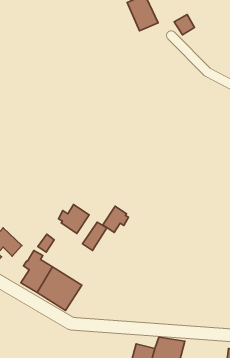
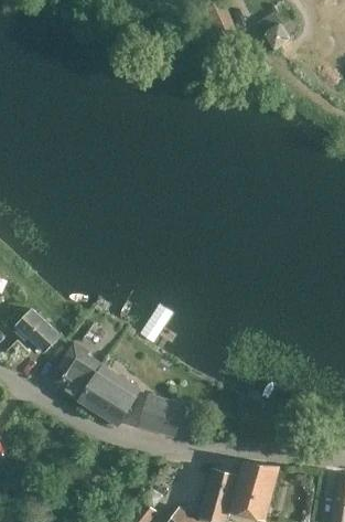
building: [59,204,89,233] -> none
building: [103,206,128,233] -> none
building: none -> [139,393,183,436]

